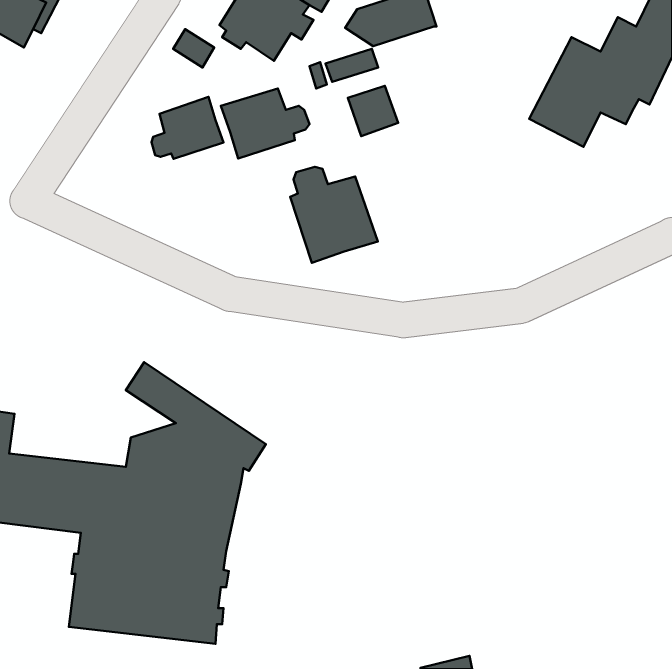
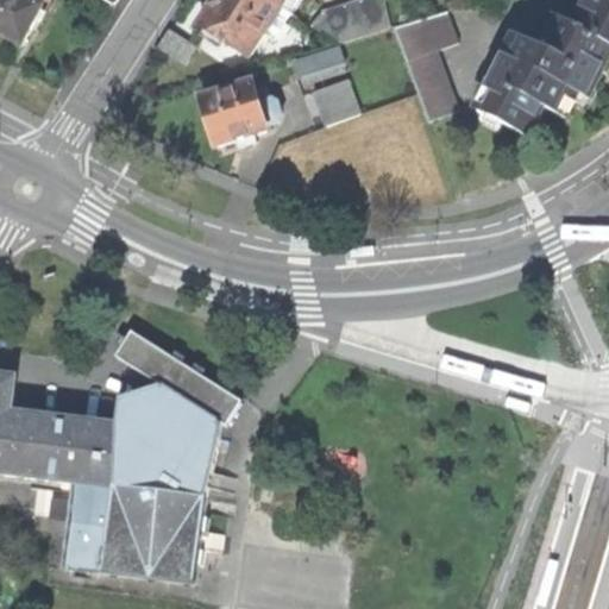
building: none -> [390,7,458,120]
building: [151,97,223,159] -> none
building: [290,167,378,263] -> none

